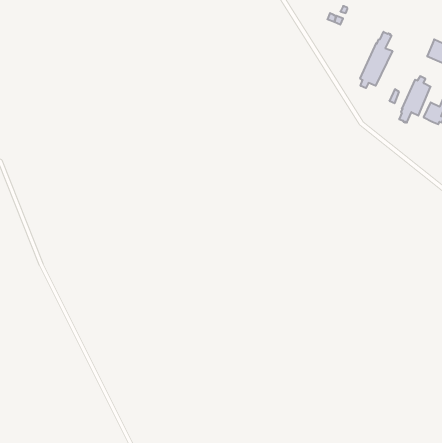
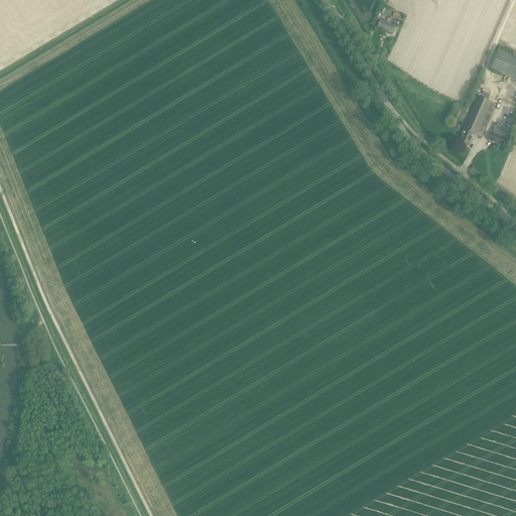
building: [360,32,392,88] -> none

